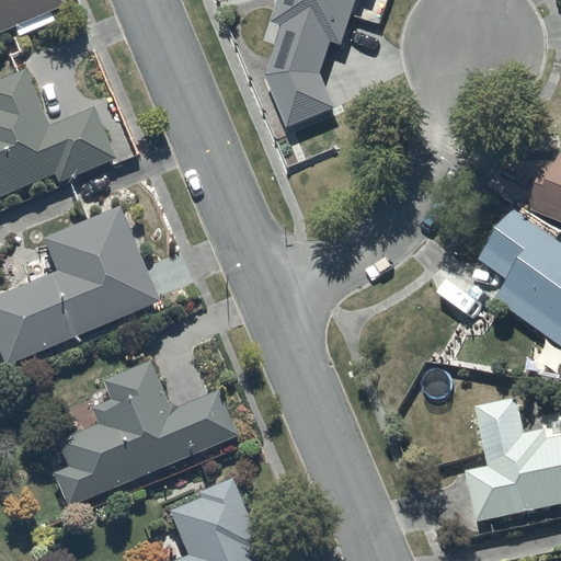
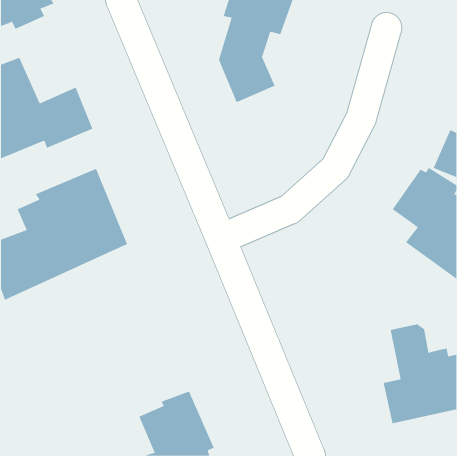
building: [54,362,238,506] -> none

